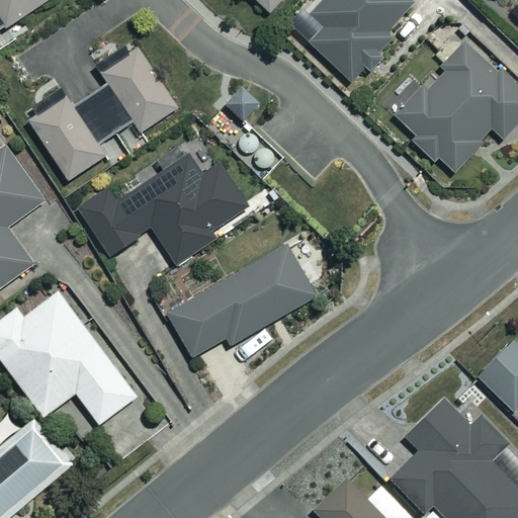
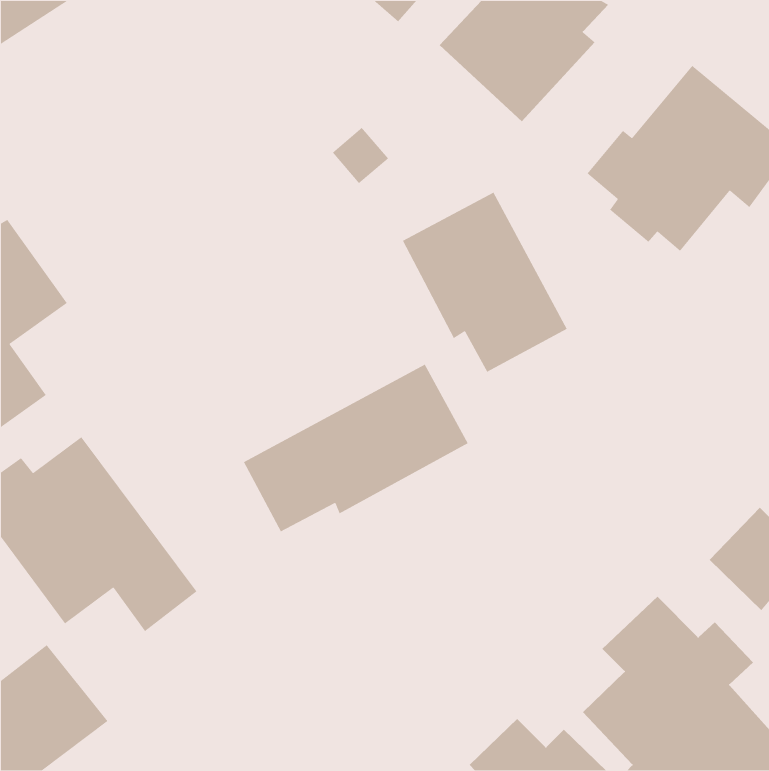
building: [28,48,176,179] -> none
building: none -> [402,192,568,373]
building: [78,154,248,263] -> none

